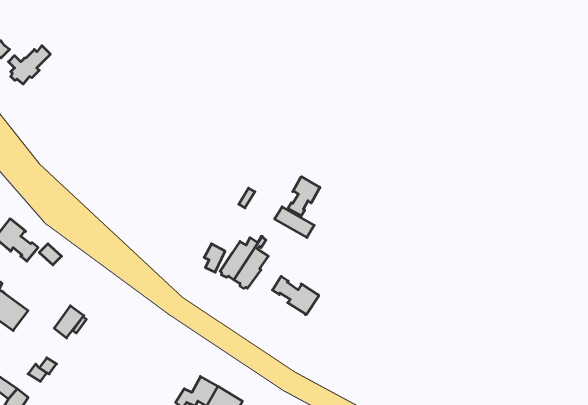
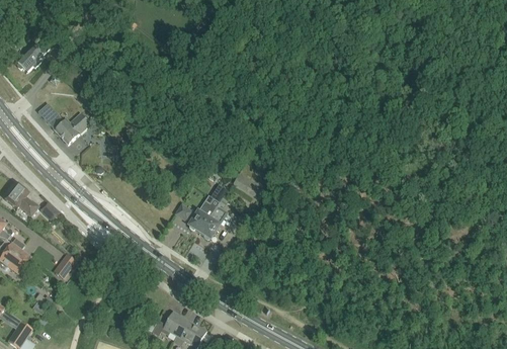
building: none -> [36,102,88,145]
building: [288,177,320,216] -> none
building: [272,276,319,315] -> none

